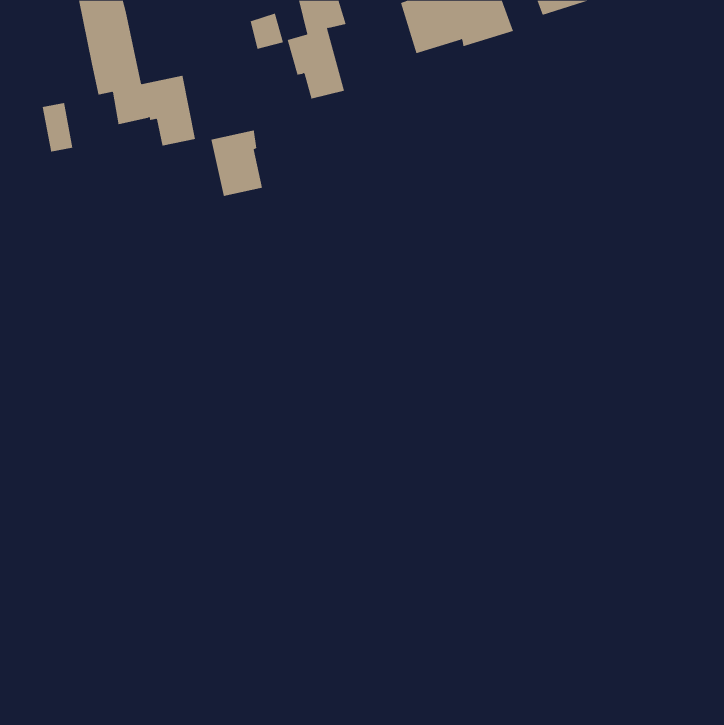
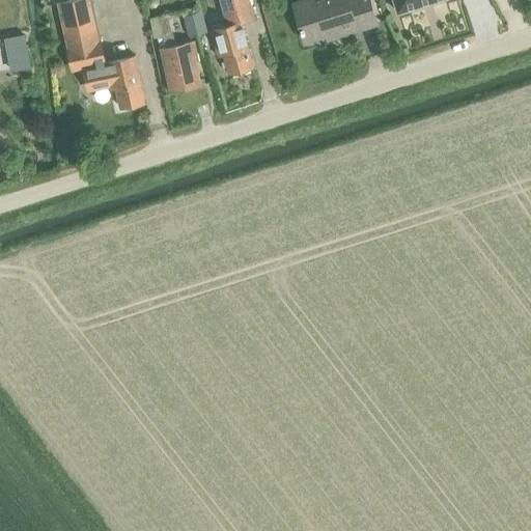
building: [42,103,73,152] -> [5,34,28,71]
building: [210,130,263,196] -> [161,40,199,89]

